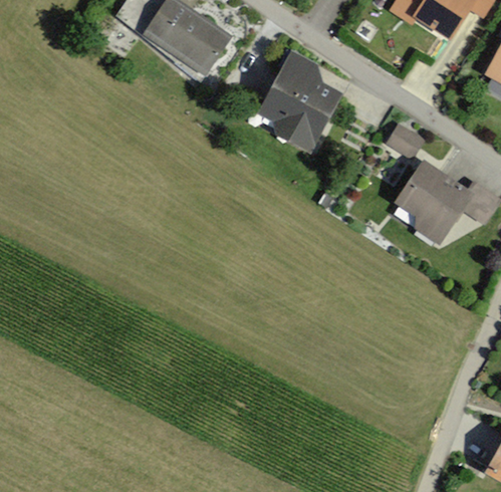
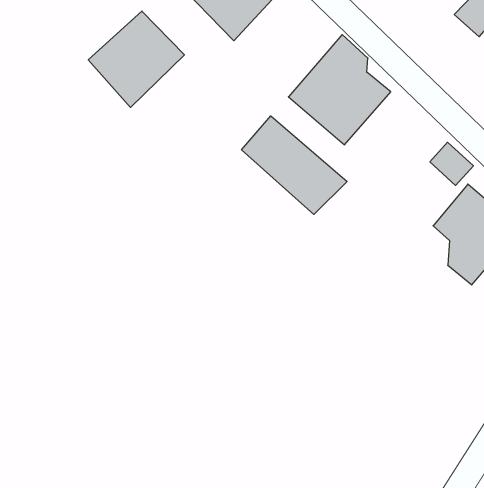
building: none -> [88,11,184,107]
building: none -> [242,116,347,214]

